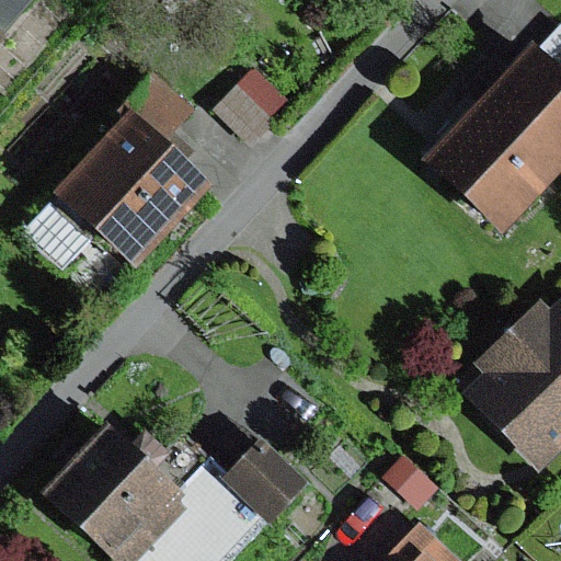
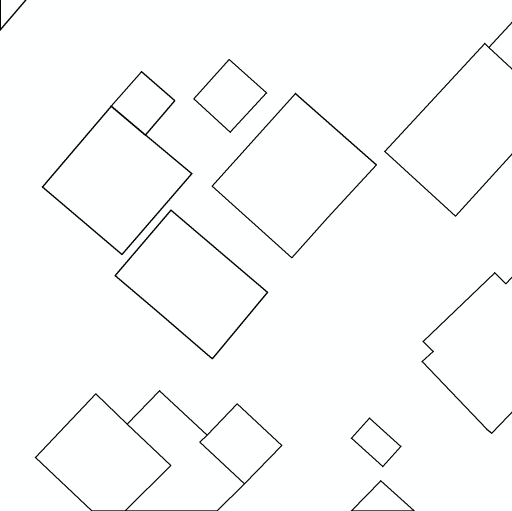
building: none -> [212,93,376,258]
building: none -> [115,210,267,359]

